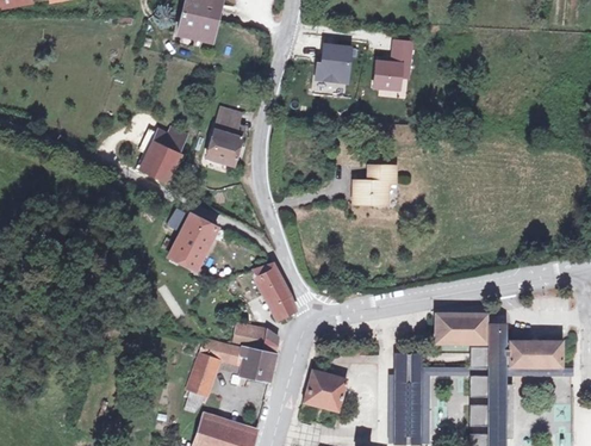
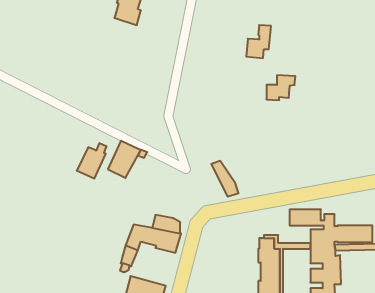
building: [315,48,349,85] -> none
building: [205,109,242,167] -> none
building: [139,129,183,181] -> [77,143,107,179]
building: [354,167,397,204] -> [266,75,295,100]
building: [254,264,294,316] -> [211,161,239,196]
building: [306,371,346,410] -> none

